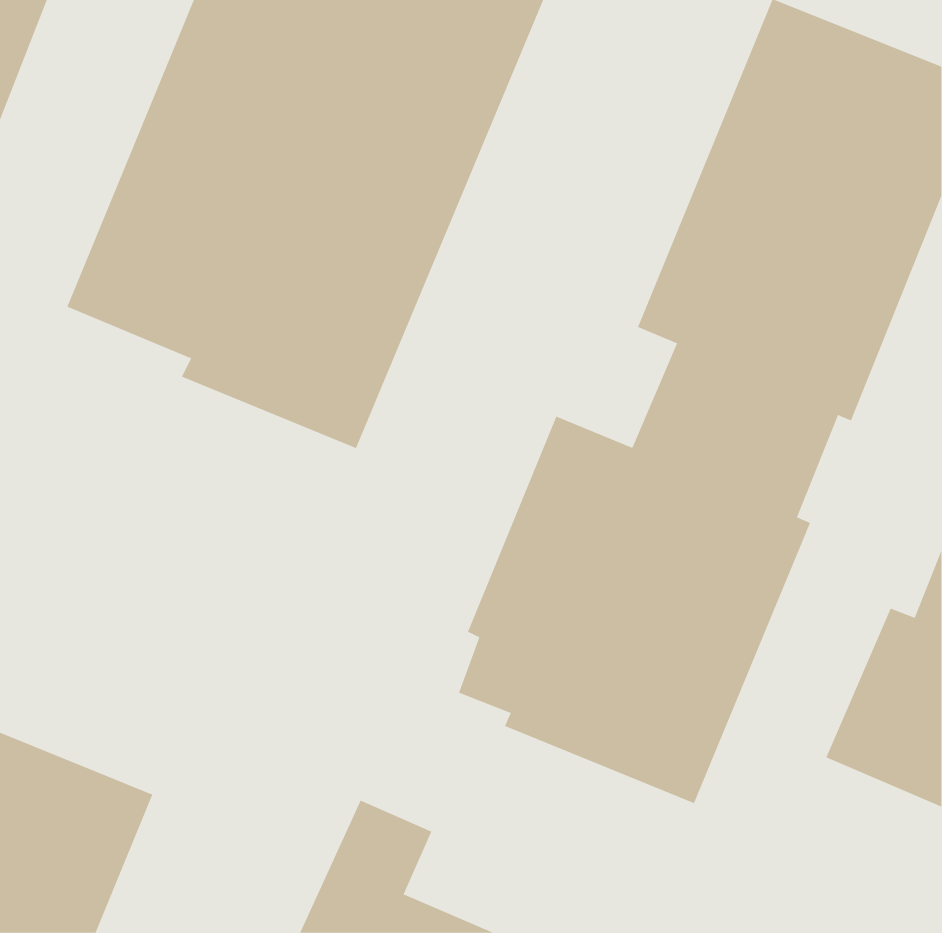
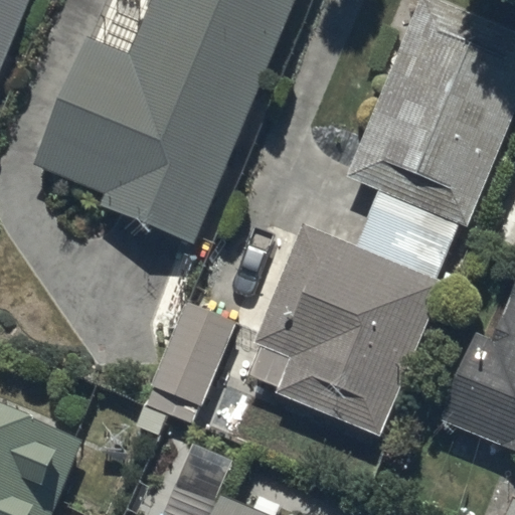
building: none -> [136,303,236,436]

